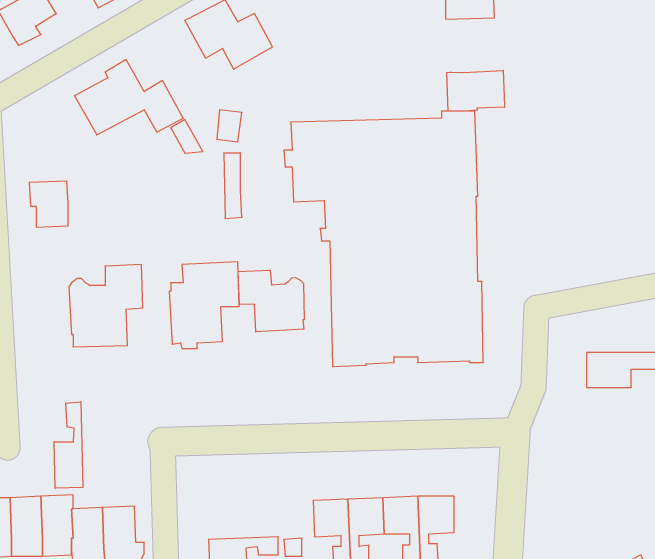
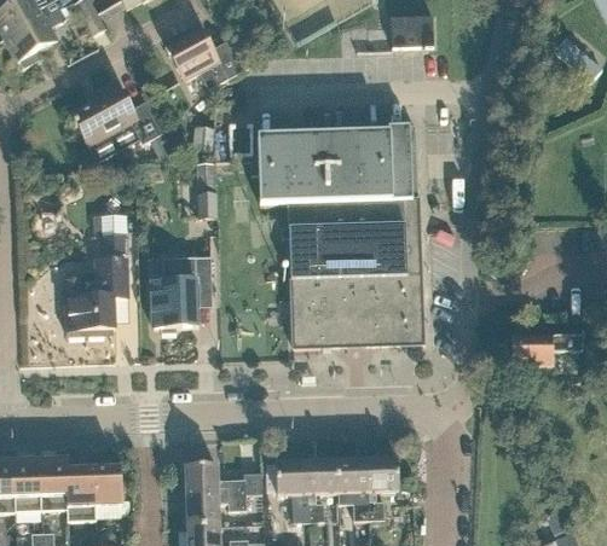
building: [447,70,505,111] -> none
building: [29,181,68,227] -> [93,213,127,252]
building: [238,270,304,332] -> none
building: [54,402,83,488] -> none
building: none -> [185,463,245,495]

